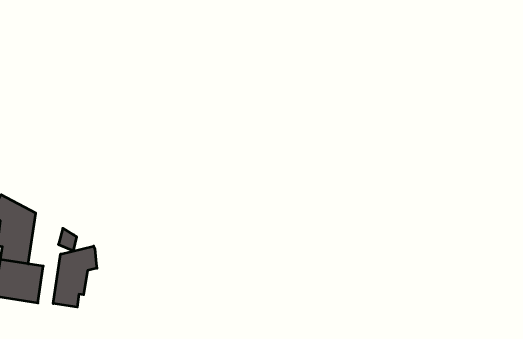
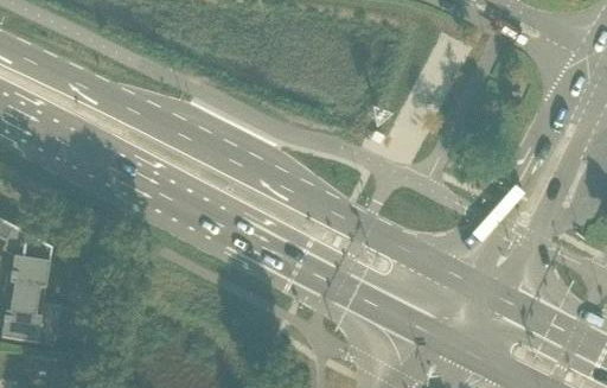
building: [53,246,97,307] -> none

